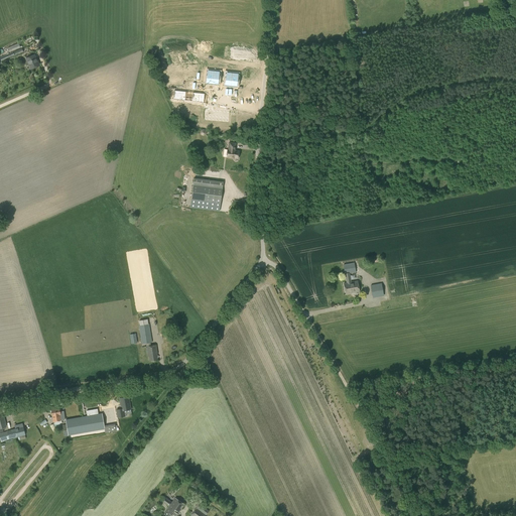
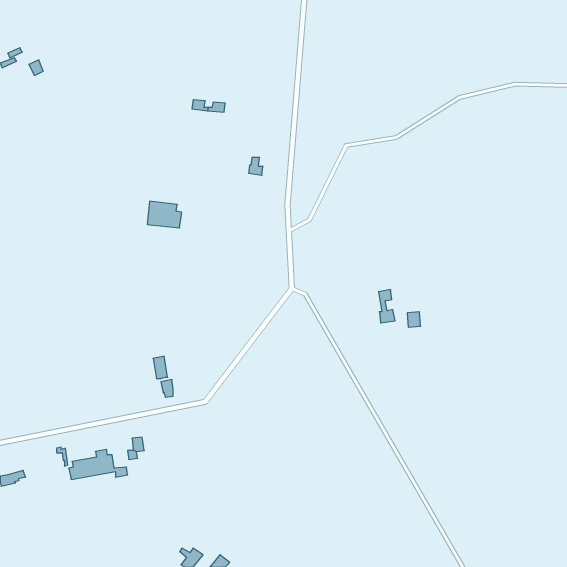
building: [191,178,223,203] -> [147,201,182,228]

